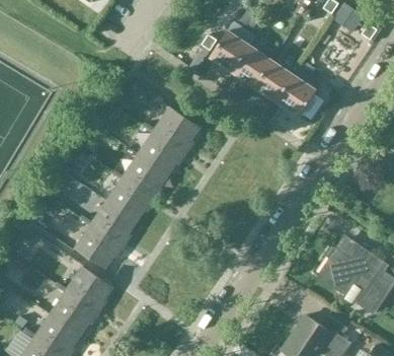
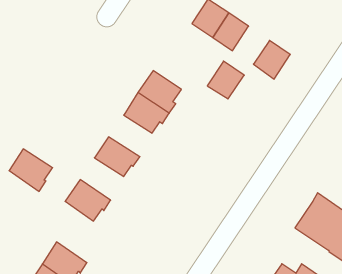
building: [254,59,294,99] -> [207,61,244,99]
building: [122,154,168,199] -> none
building: [91,200,138,245] -> [9,149,53,191]
building: [66,266,112,312] -> none

